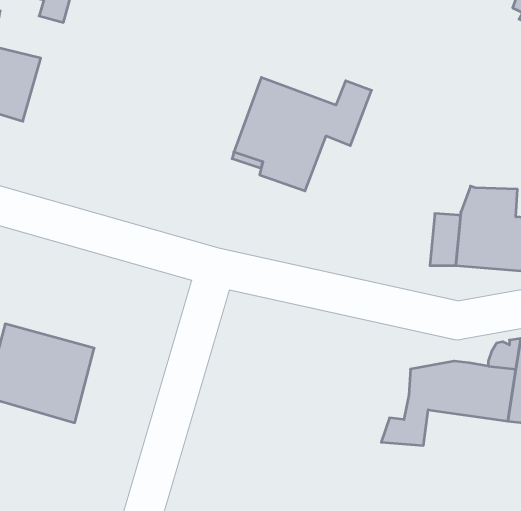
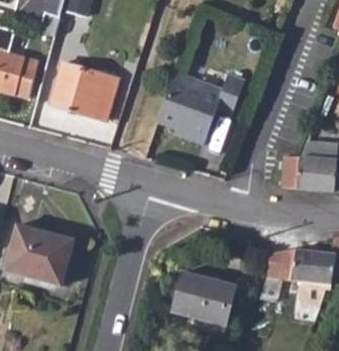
building: none -> [49,64,119,120]
building: none -> [174,270,235,324]

